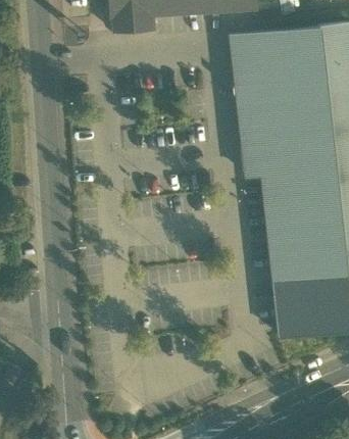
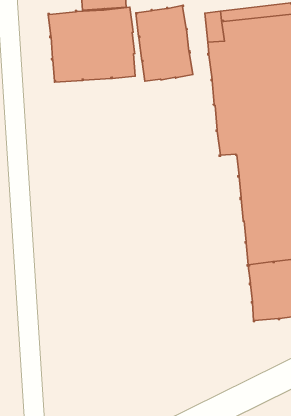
building: none -> [136,5,193,81]
building: none -> [48,7,135,82]

